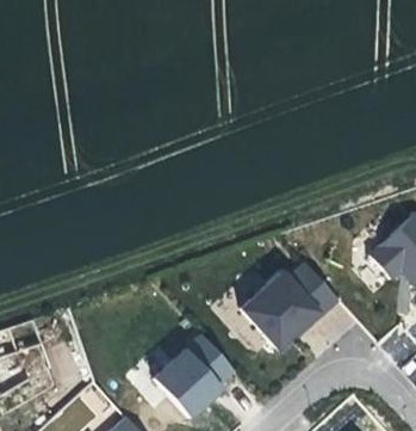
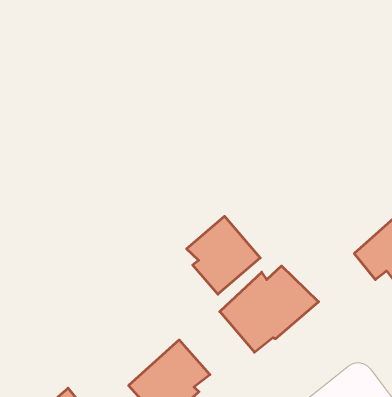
building: none -> [187,216,260,294]

